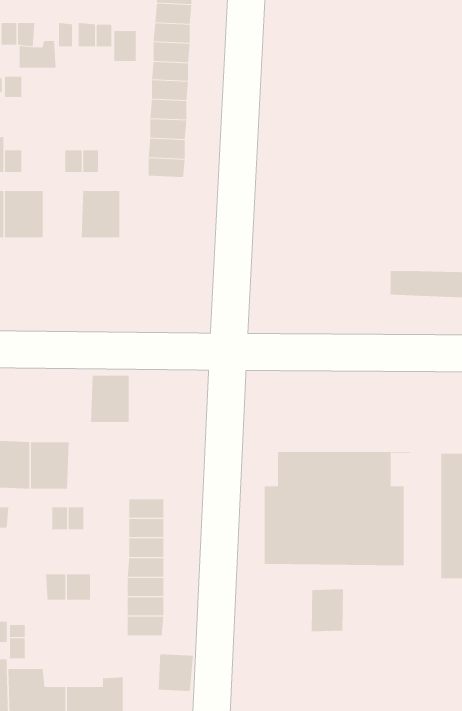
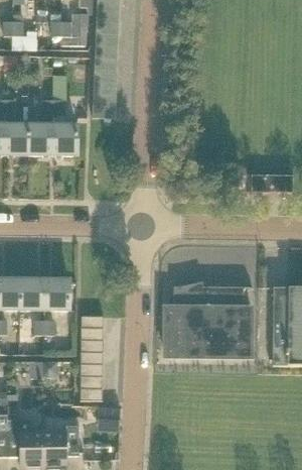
building: none -> [28,123,52,152]
building: [90,375,129,422] -> [43,278,67,308]
building: [311,588,343,632] -> none

